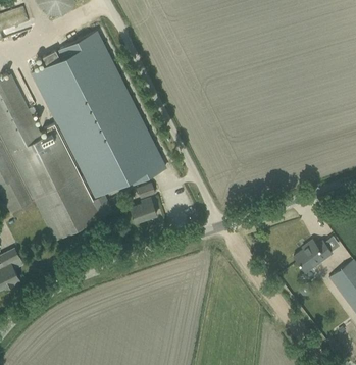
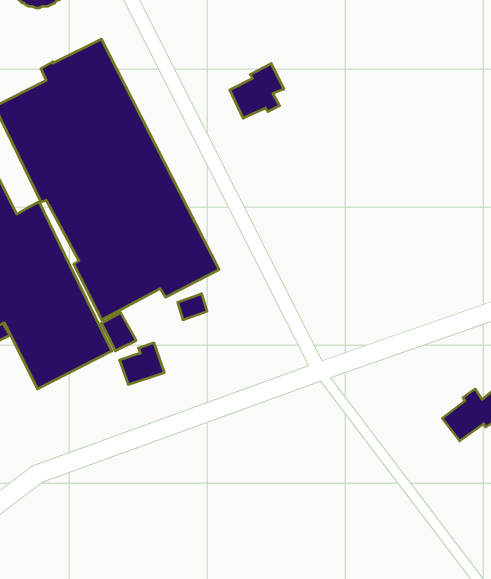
building: none -> [230,63,284,118]
building: [131,199,157,223] -> [119,343,164,384]

